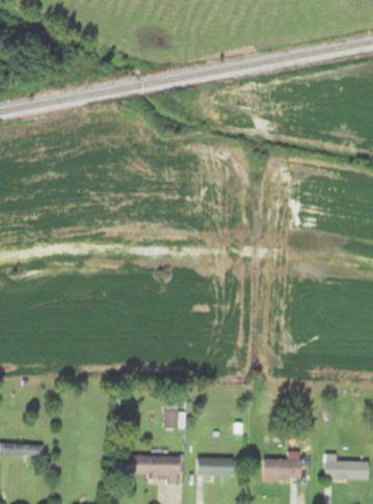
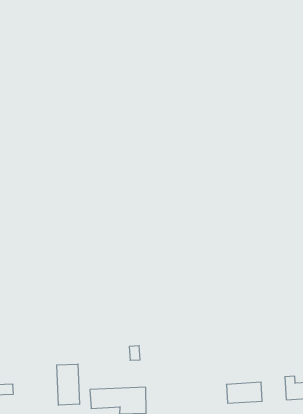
building: none -> [57,364,80,405]
building: [198,457,235,475] -> none

